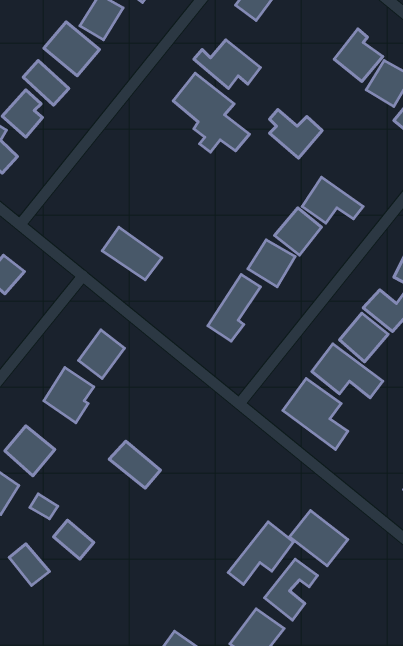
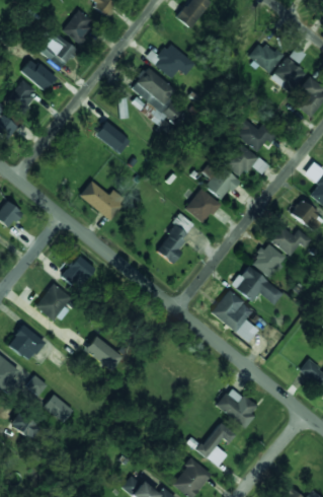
building: [269,110,322,158] -> [237,117,275,152]
building: none -> [95,121,130,153]
building: [228,522,294,585] -> none

